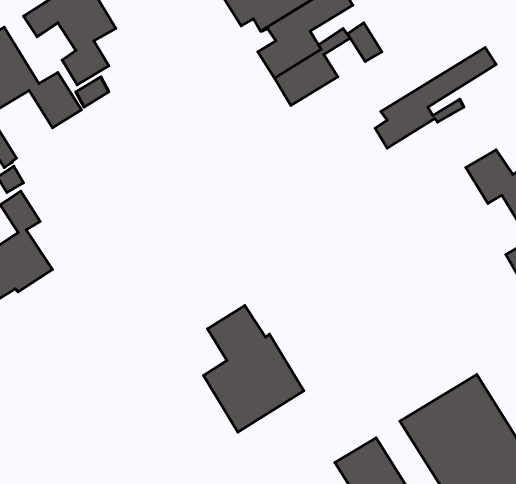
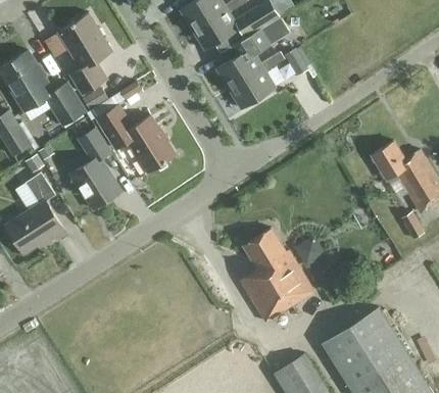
building: [375,48,496,148] -> none
building: none -> [96,105,176,174]
building: none -> [70,129,121,209]
building: [203,305,304,432] -> [240,229,314,323]

